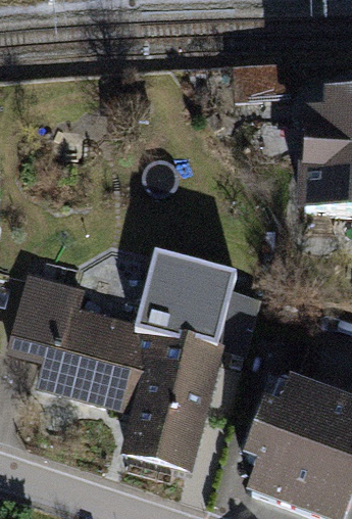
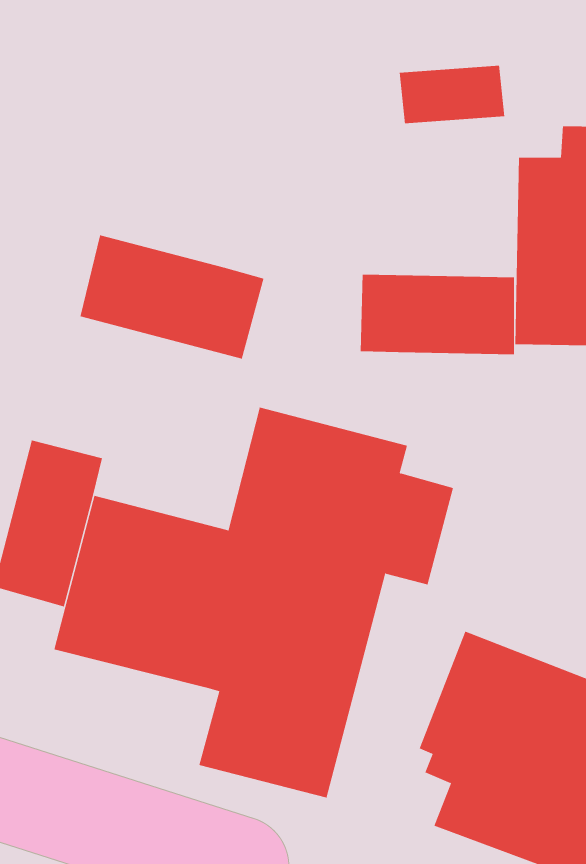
building: none -> [80,234,264,359]
building: none -> [360,274,515,355]

